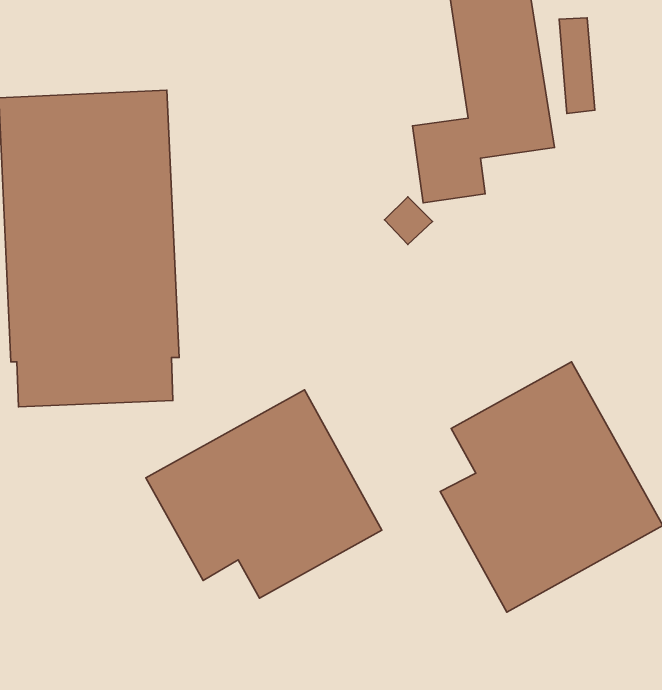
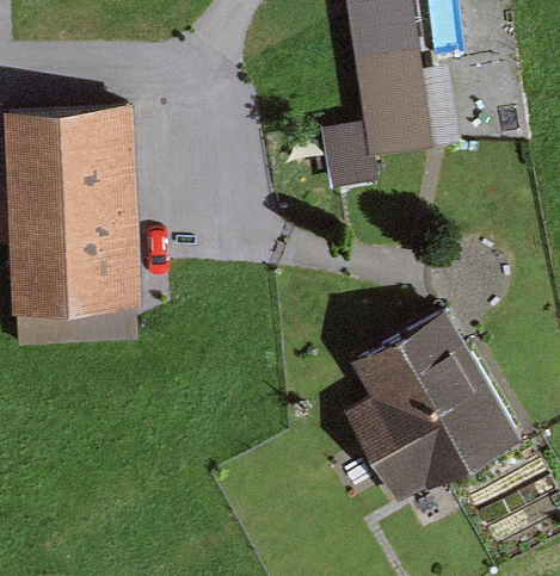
building: [146,390,382,598] -> none

